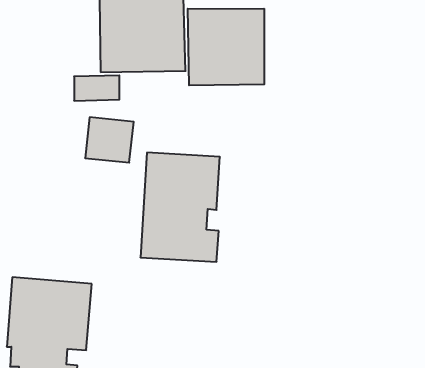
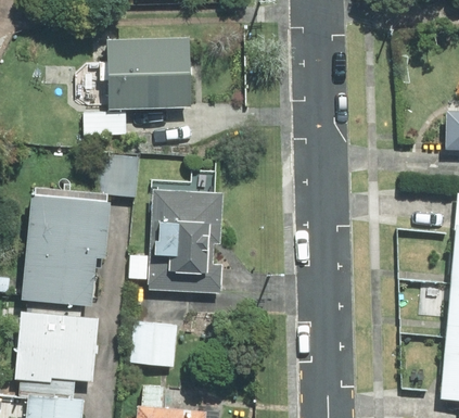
building: [188,9,264,85] -> none
building: none -> [21,190,113,306]
building: none -> [129,321,176,368]

